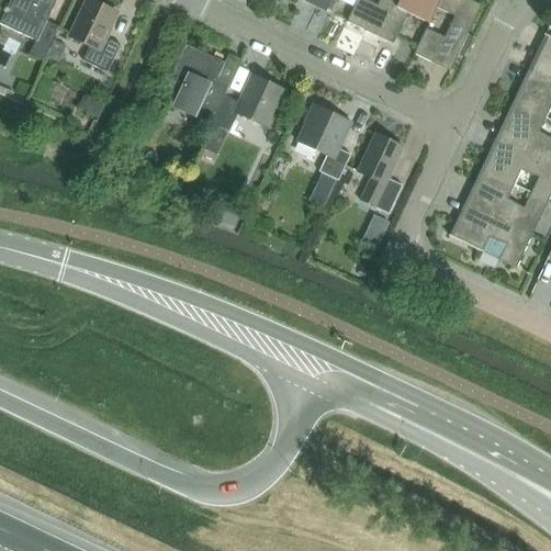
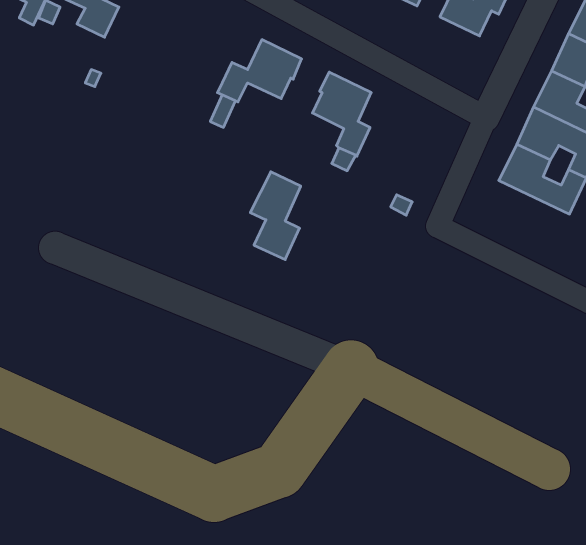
building: [165,42,229,112] -> none
building: [357,132,403,212] -> [250,172,301,260]
building: [449,201,532,266] -> none

